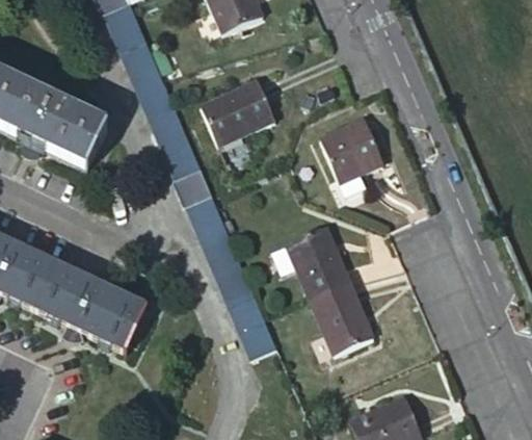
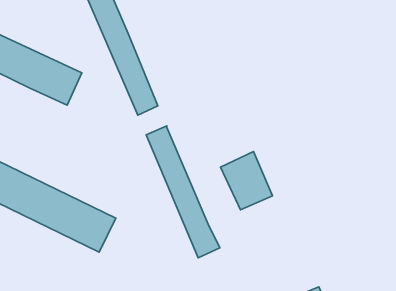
building: [196,77,270,143] -> none
building: [318,115,381,196] -> none
building: [307,280,371,351] -> none

